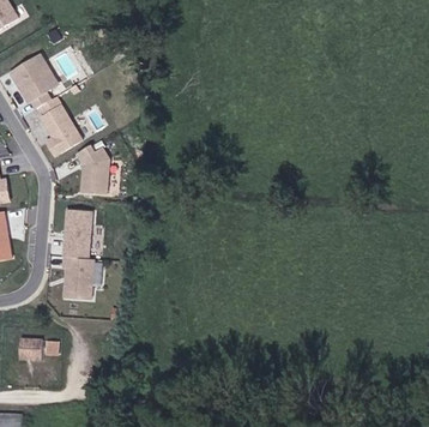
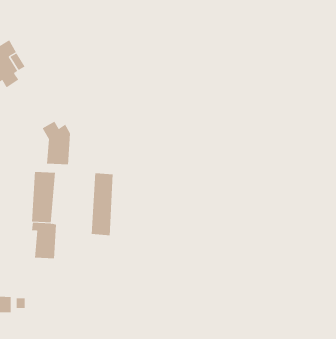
building: [40,104,80,155] -> none
building: none -> [91,173,113,236]

